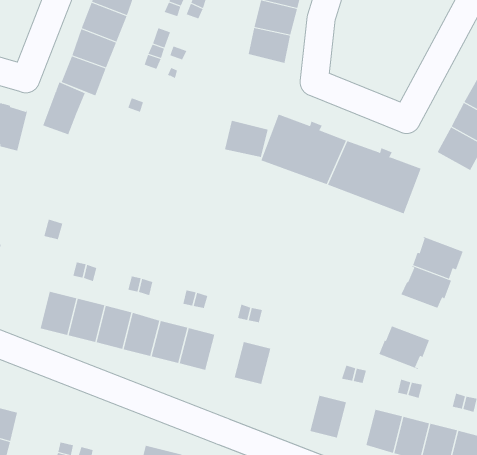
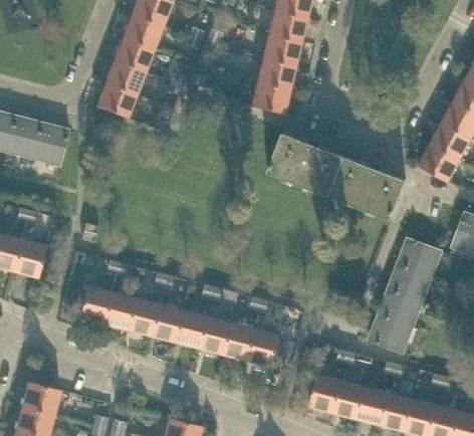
building: [43,81,85,135] -> none
building: [224,120,269,158] -> [251,81,289,114]
building: none -> [380,288,424,328]
building: none -> [221,322,253,360]
building: none -> [334,381,367,418]

